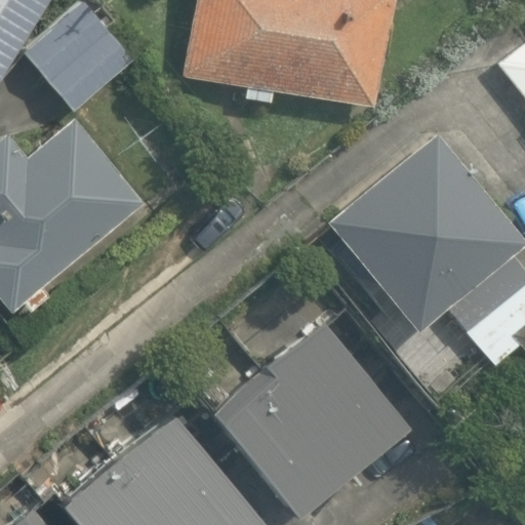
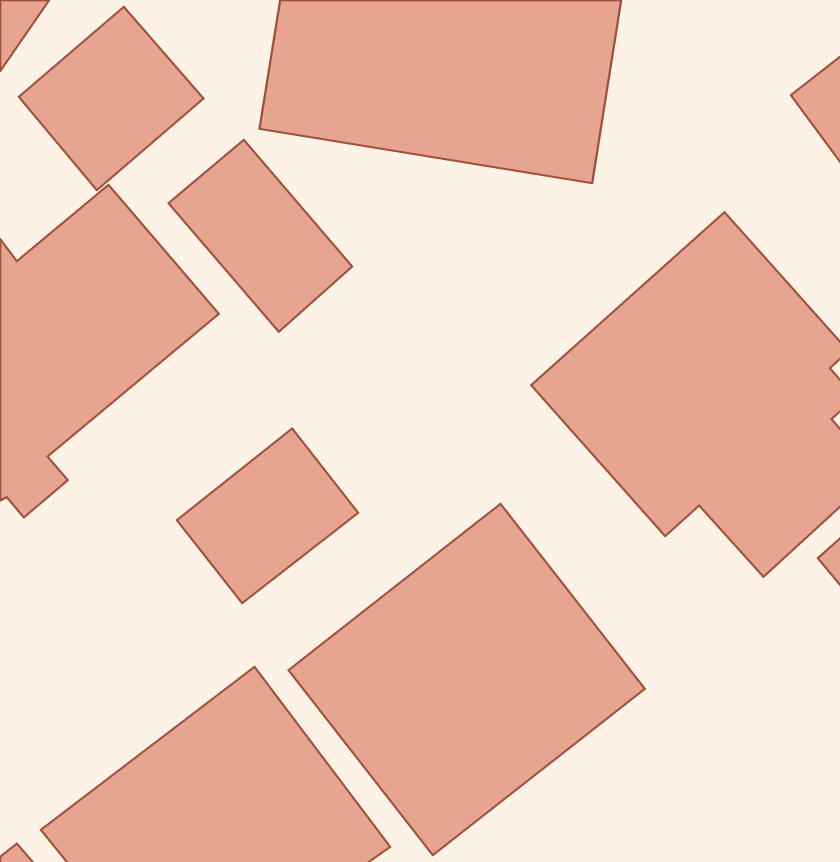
building: none -> [168,140,352,332]
building: none -> [177,429,358,603]

